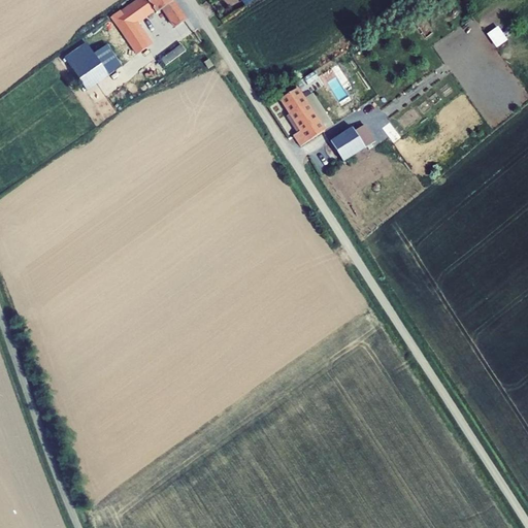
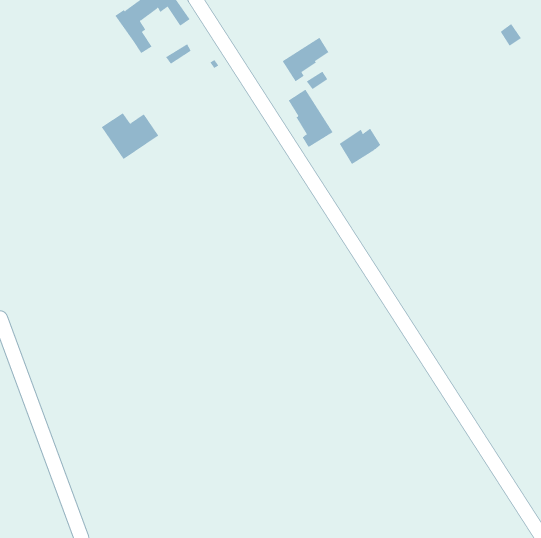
building: none -> [282,37,329,82]
building: [65,42,122,89] -> [101,112,159,160]

